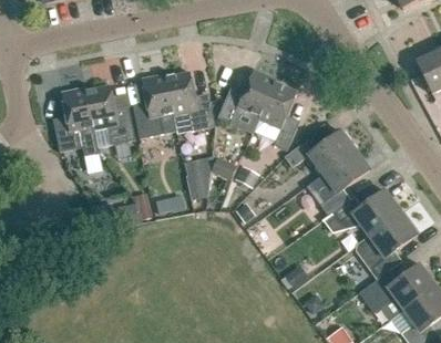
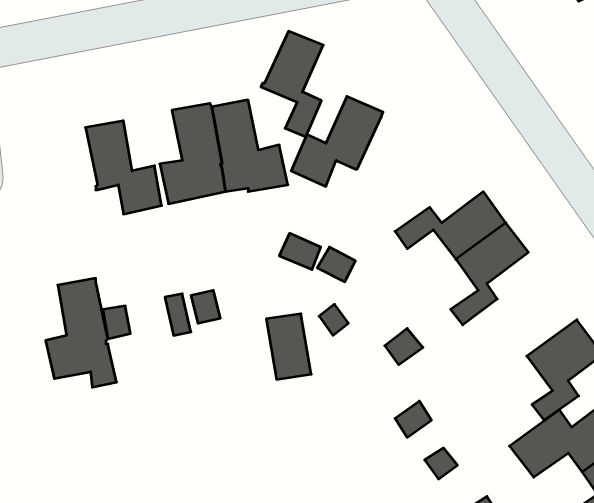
building: [257,82,297,149] -> [261,31,323,137]
building: [53,86,99,156] -> [46,278,117,387]
building: [183,155,212,197] -> [266,314,311,379]
building: [321,189,400,235] -> none

